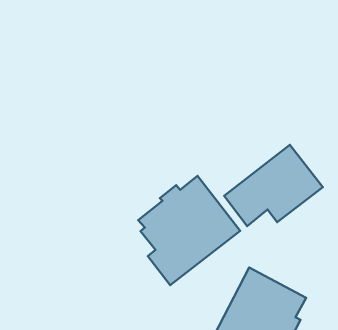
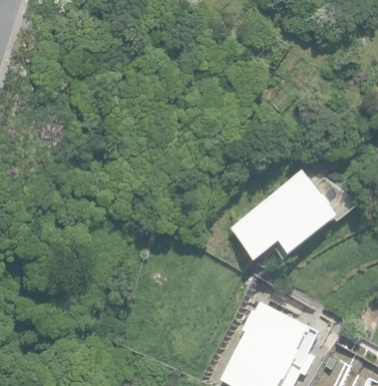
building: [138,176,240,285] -> none

